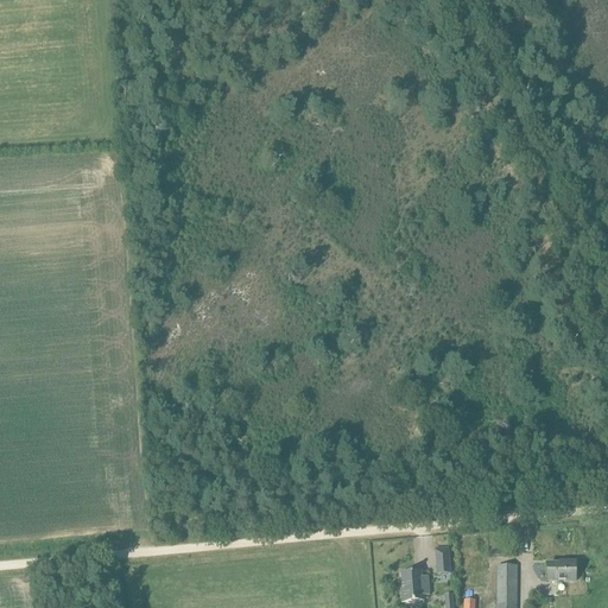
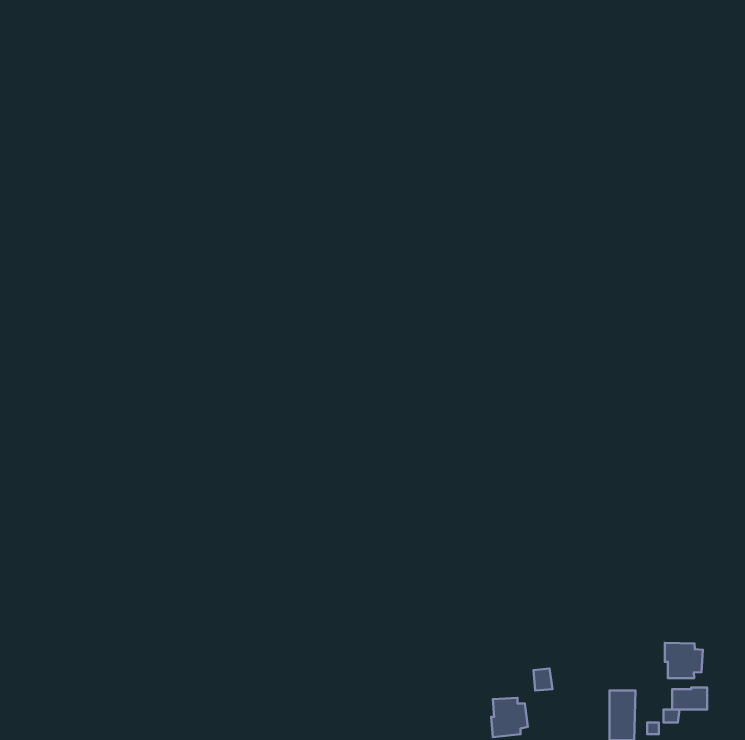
building: none -> [665,643,703,678]

